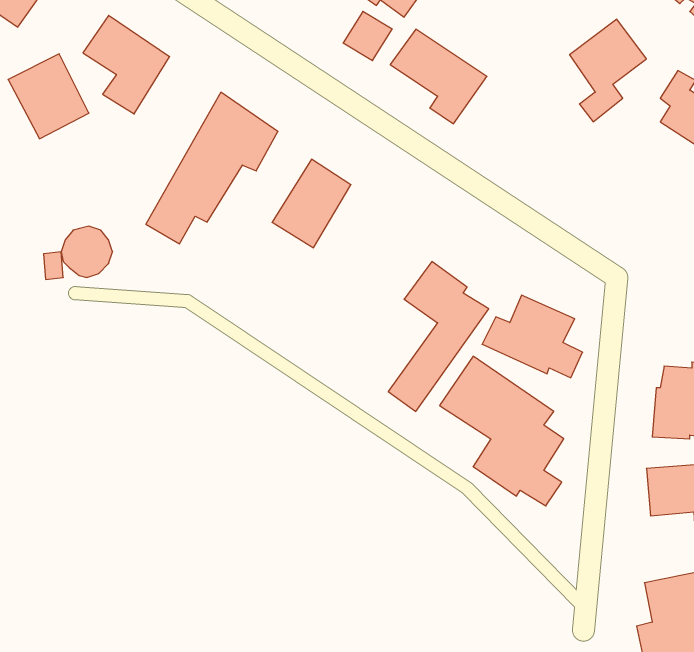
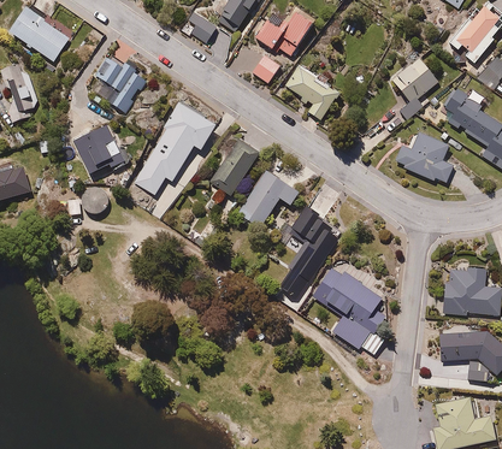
building: [8,54,89,139] -> [75,128,124,179]
building: none -> [238,169,300,229]
building: [482,295,583,378] -> [394,131,455,182]

